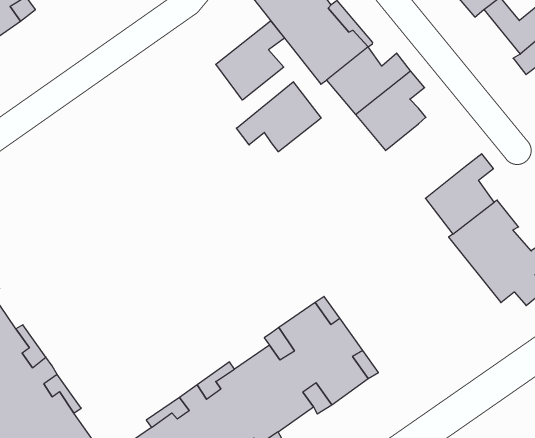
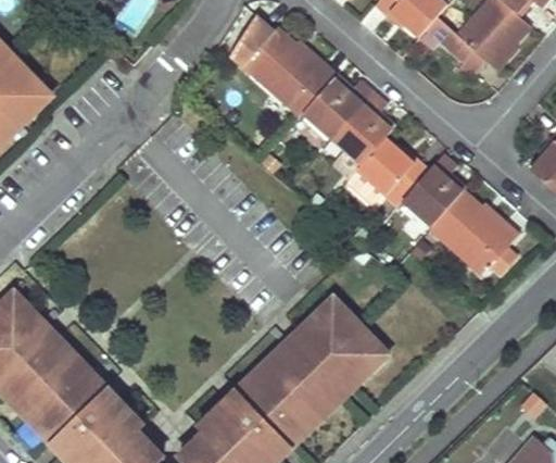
building: [216,21,284,100] -> none
building: [236,82,321,152] -> none
building: none -> [359,137,433,205]

